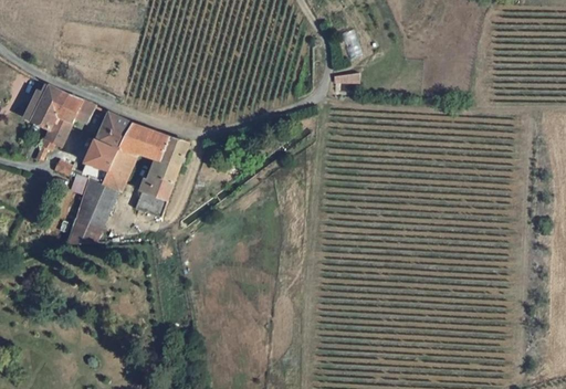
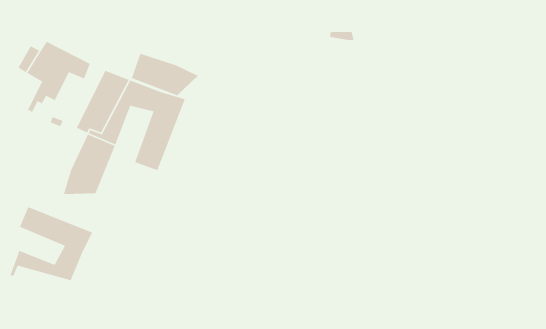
building: none -> [131,53,199,96]
building: none -> [10,206,93,281]

